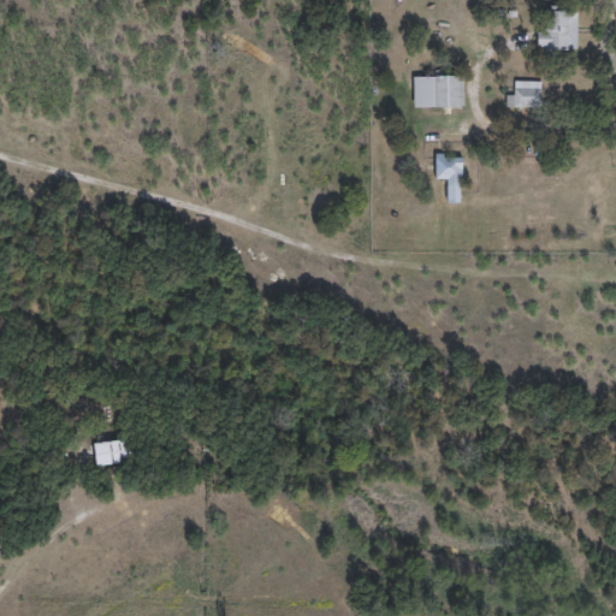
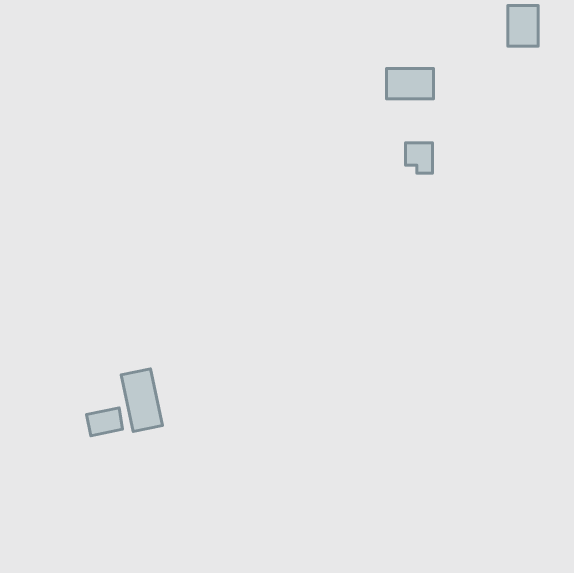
building: [507,82,540,107] -> none
building: none -> [121,369,162,432]

